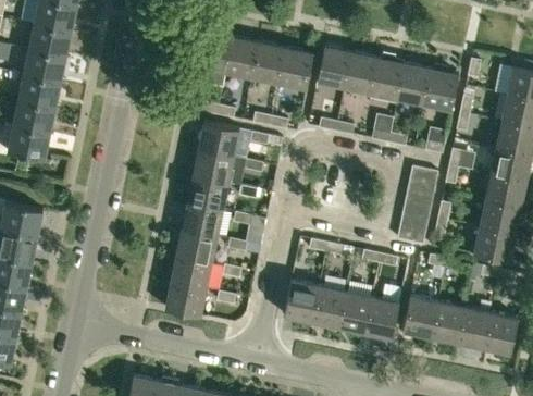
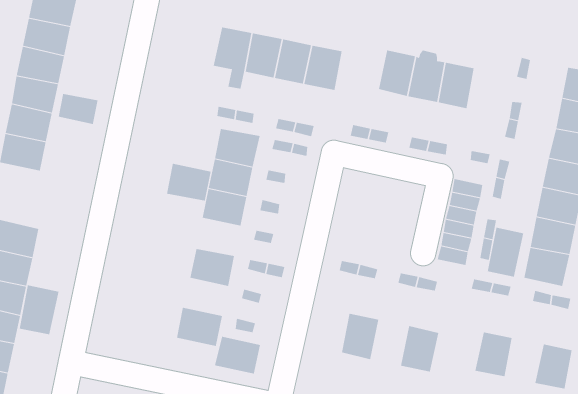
building: [318,47,352,87] -> none
building: [424,65,459,110] -> none
building: none -> [58,93,98,125]
building: [183,201,223,235] -> [166,163,211,201]
building: none -> [487,227,524,278]
building: [171,255,212,288] -> [214,336,261,374]
building: none -> [19,284,59,335]
building: [284,281,319,321] -> none
building: [338,292,372,333] -> none
building: [404,296,438,337] -> none
building: [458,308,492,348] -> none

